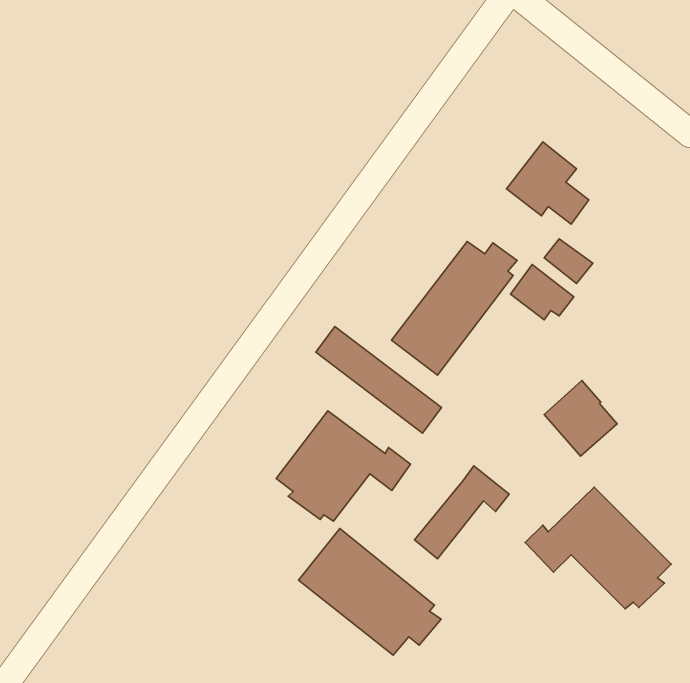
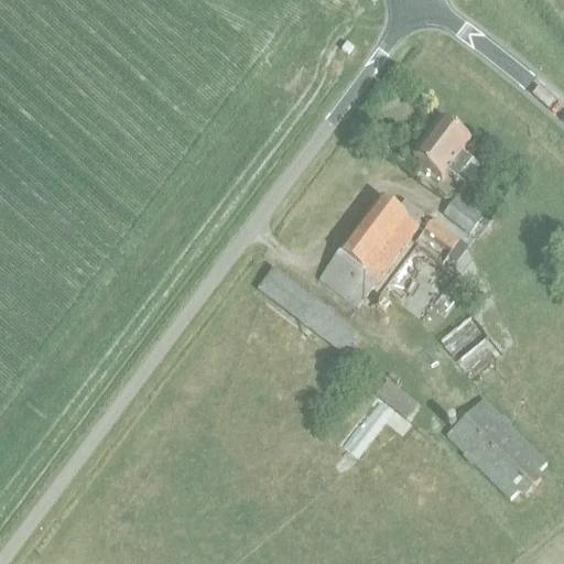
building: [276,411,411,521] -> none
building: [299,529,441,655] -> none

